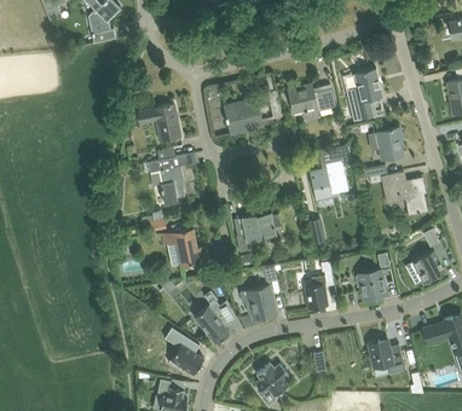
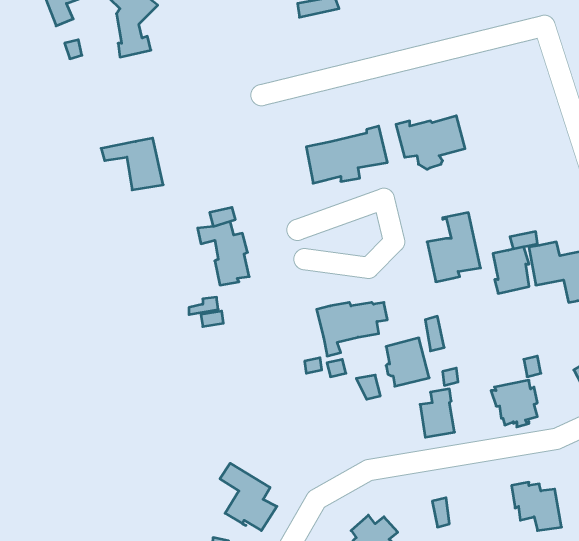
building: [345,68,382,121] -> none
building: [137,104,180,140] -> [101,138,163,190]
building: [376,127,402,160] -> [493,247,529,293]
building: [161,222,209,264] -> none
building: [246,284,276,318] -> [386,338,429,386]
building: [192,290,229,342] -> none

